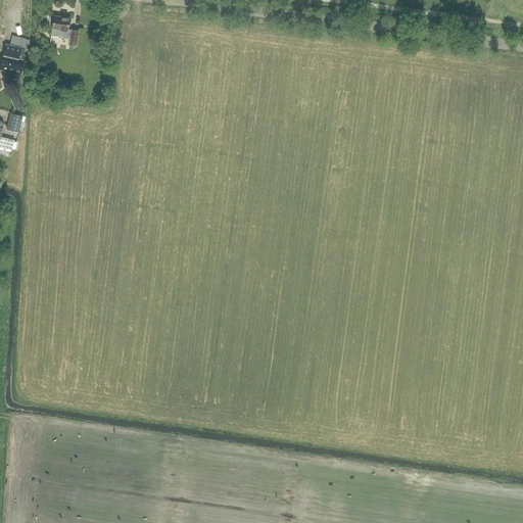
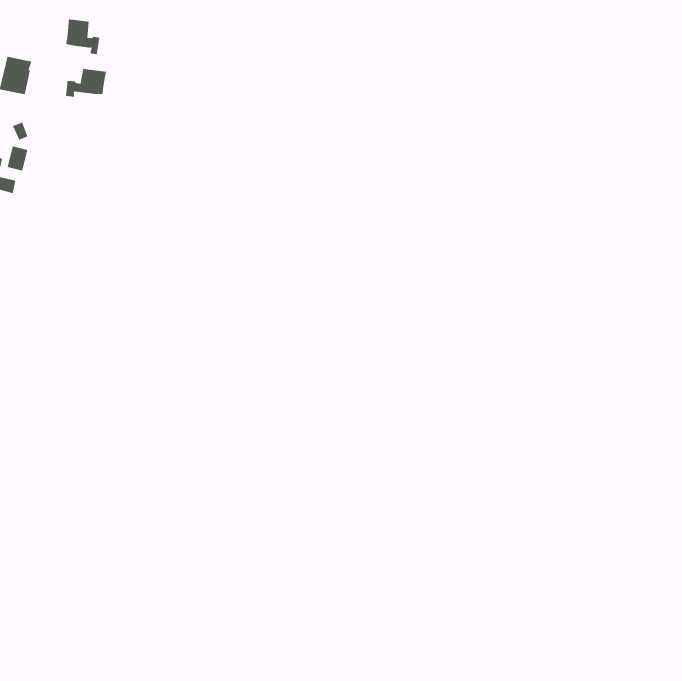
building: none -> [66,68,107,97]

